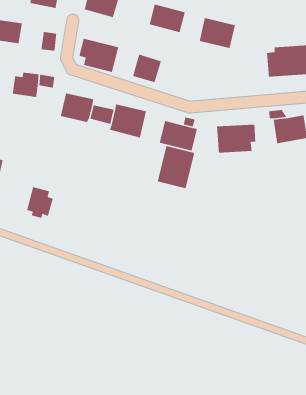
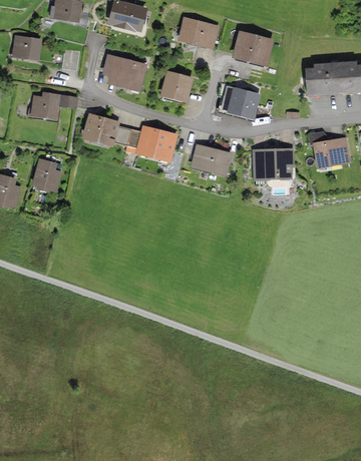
building: none -> [221,86,260,119]
building: [157,145,195,189] -> none
building: [26,186,54,219] -> [31,158,61,193]

